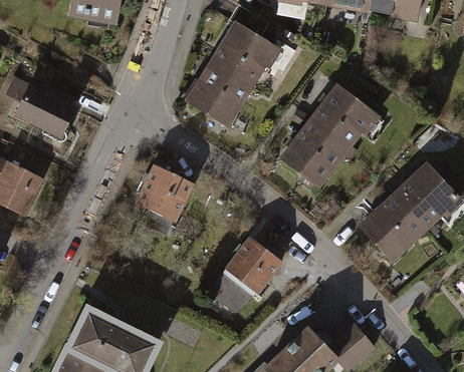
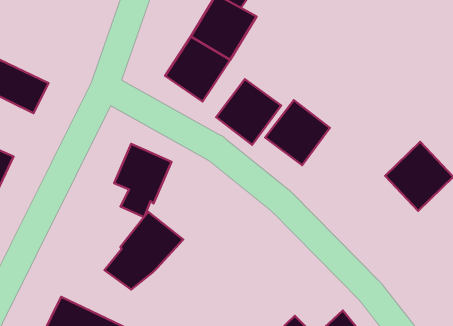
building: [307,88,369,150] -> [216,79,281,145]
building: [360,196,425,260] -> none
building: [209,236,283,309] -> [105,212,183,289]

